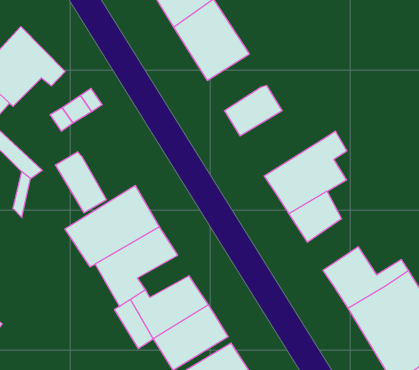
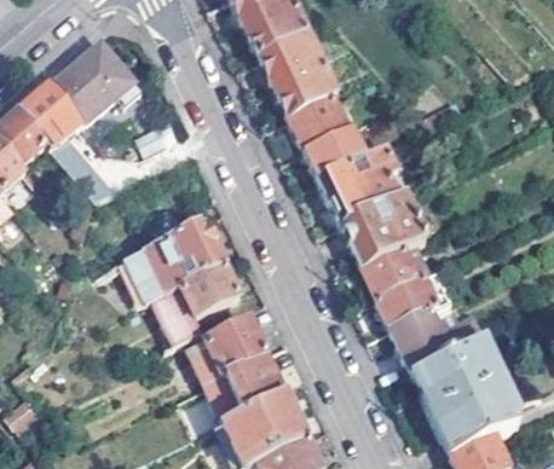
building: none -> [290,97,346,150]
building: none -> [318,146,411,222]
building: [55,152,106,213] -> none
building: none -> [376,274,435,328]

